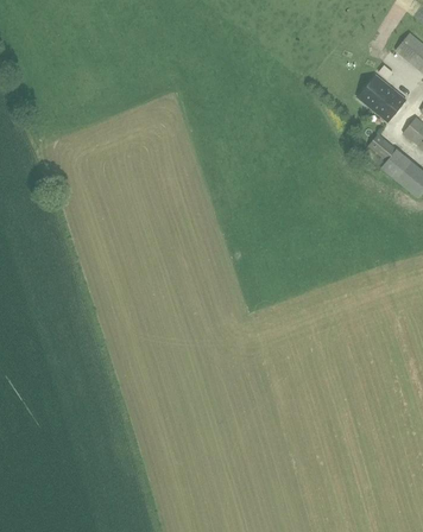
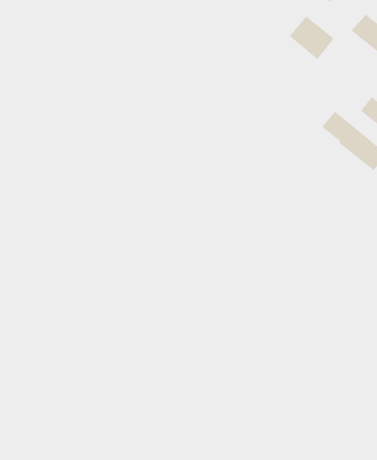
building: [356,75,404,121] -> [289,16,335,60]

